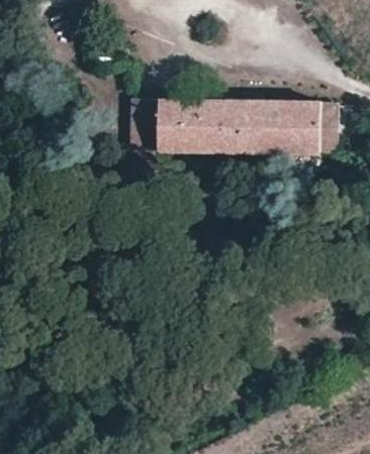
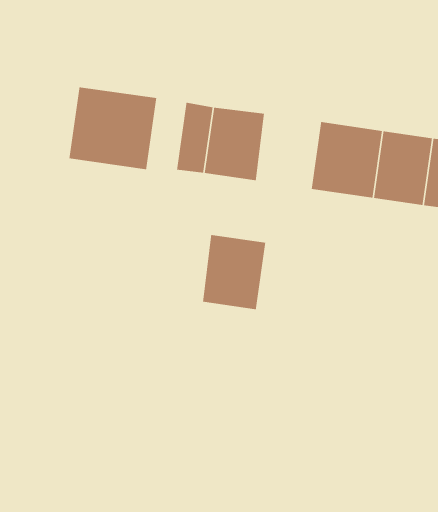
building: none -> [68,86,157,170]
building: [201,101,242,151] -> [202,234,266,310]

